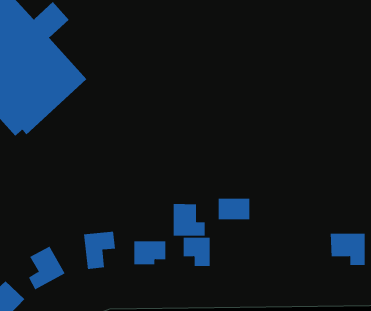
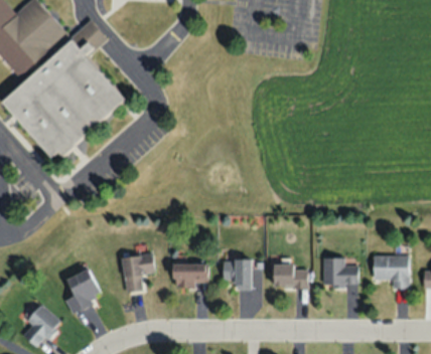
building: [218,198,250,220] -> [274,266,307,288]
building: [173,203,205,236] -> none
building: none -> [324,257,357,286]

